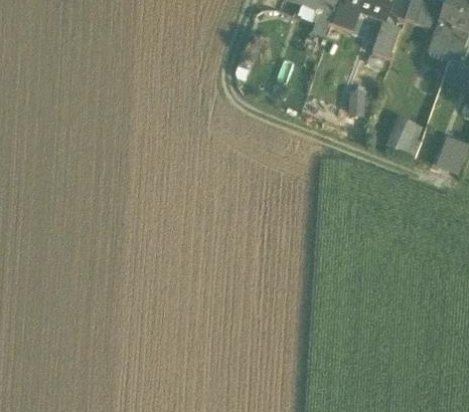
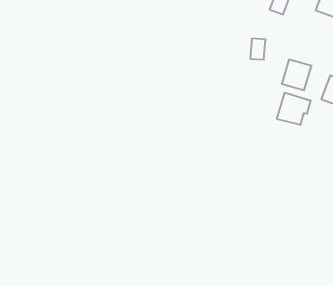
building: none -> [277,93,311,125]

